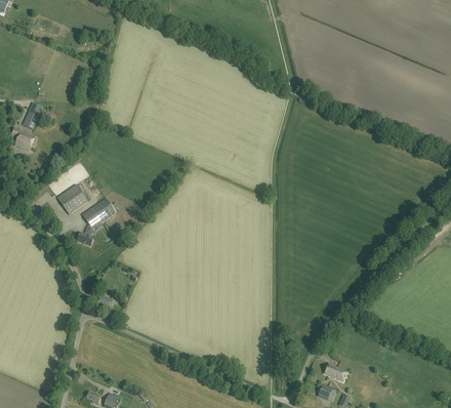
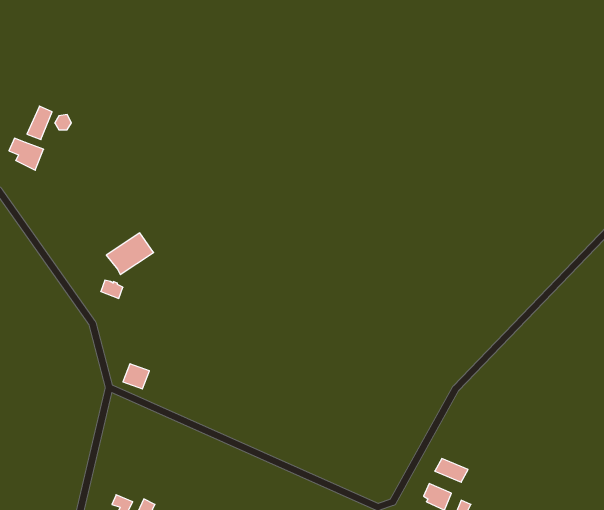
building: [55,185,86,215] -> none

